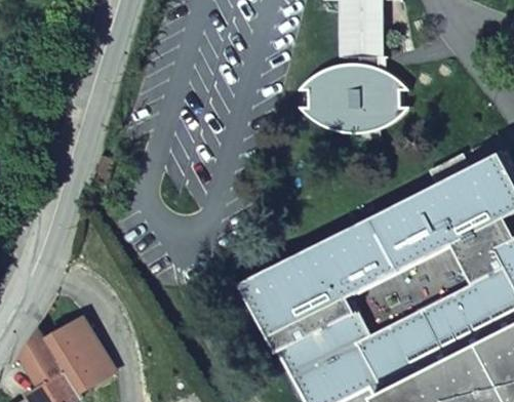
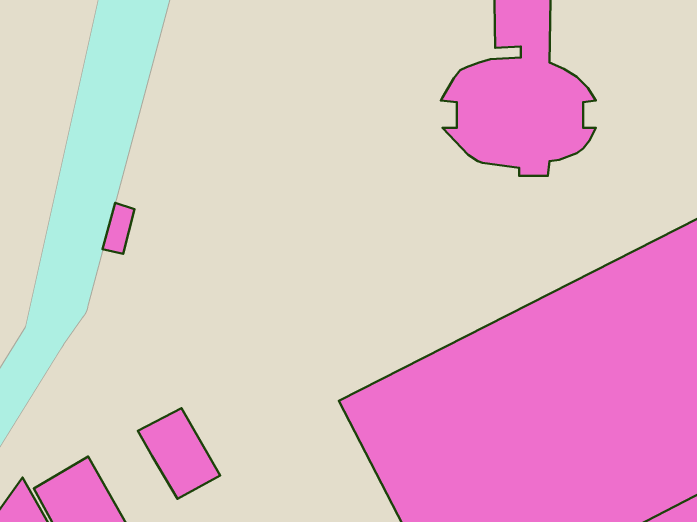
building: none -> [138,408,220,499]

